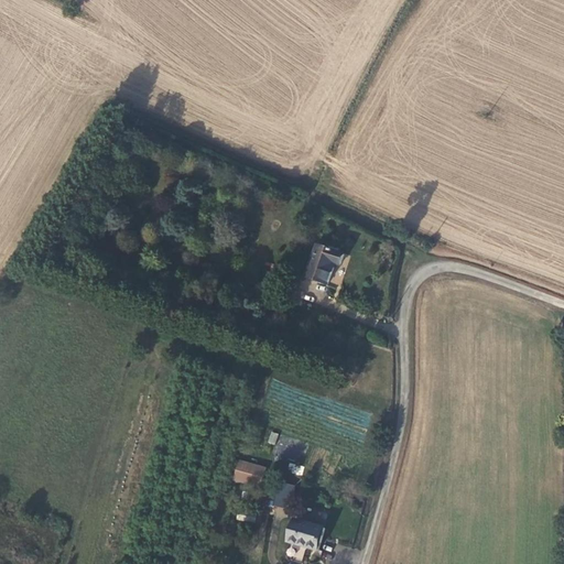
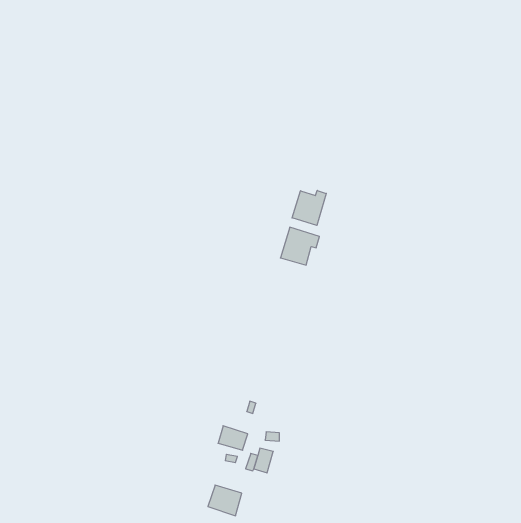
building: none -> [292,190,326,225]
building: [285,519,322,552] -> [208,485,242,516]

